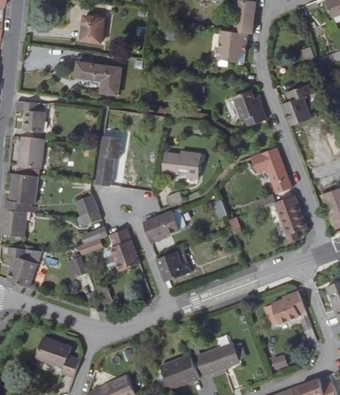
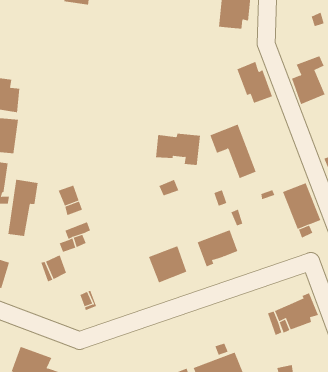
building: [78,58,125,92] -> none
building: [96,136,123,186] -> [8,179,39,236]
building: [253,147,294,195] -> [209,124,256,179]
building: [144,211,180,244] -> [197,230,238,267]
building: [105,229,141,271] -> none

